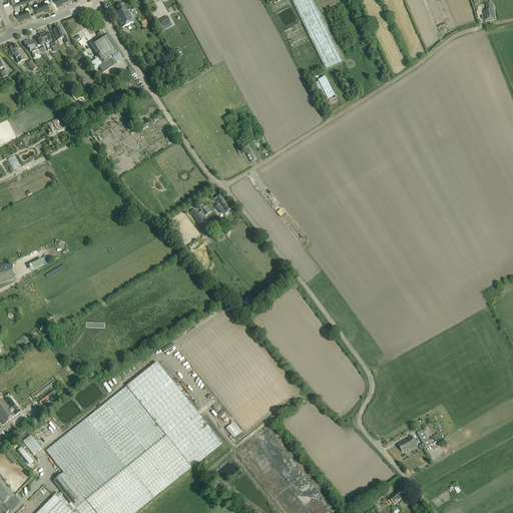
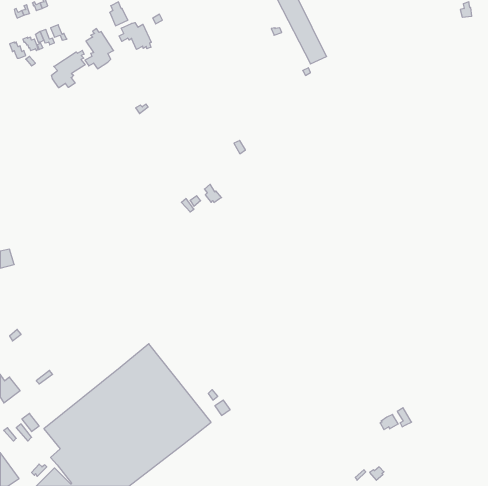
building: none -> [119,23,151,49]
building: none -> [52,50,85,88]

